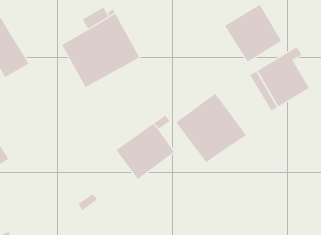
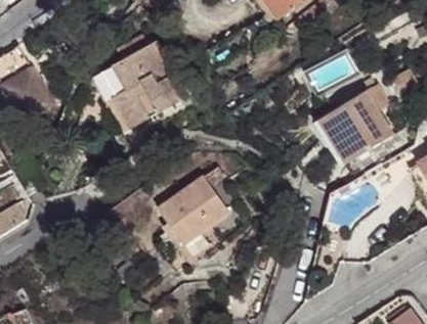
building: [224,4,282,62] -> none
building: [176,93,247,163] -> none

